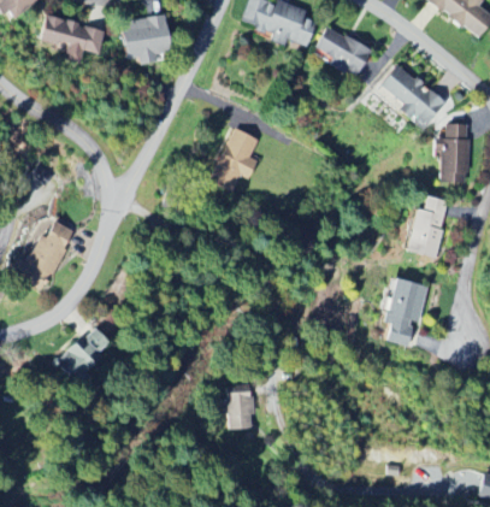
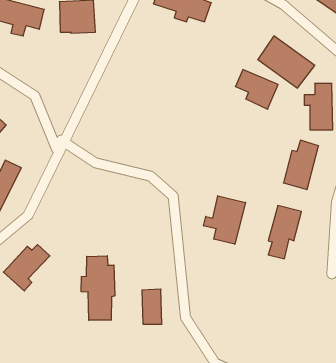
building: [315,26,370,77] -> [235,69,278,109]
building: [211,126,259,190] -> none
building: none -> [204,196,246,244]
building: none -> [81,256,115,320]

